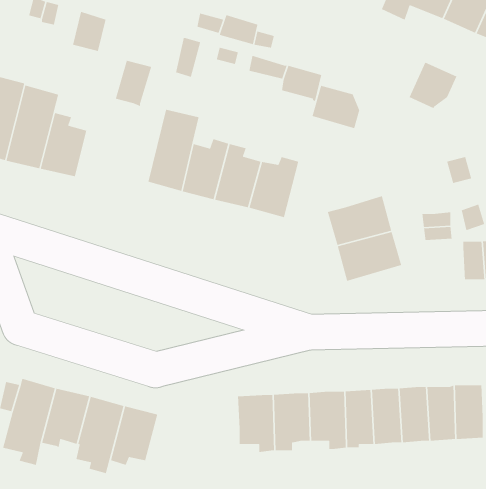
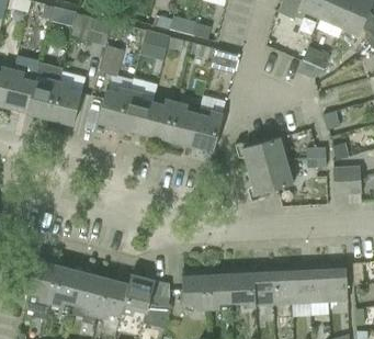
building: [311,85,360,129] -> none
building: none -> [97,76,133,128]
building: none -> [120,274,170,328]

